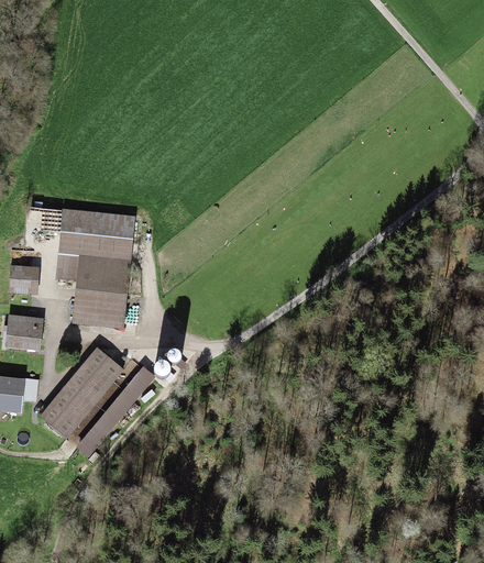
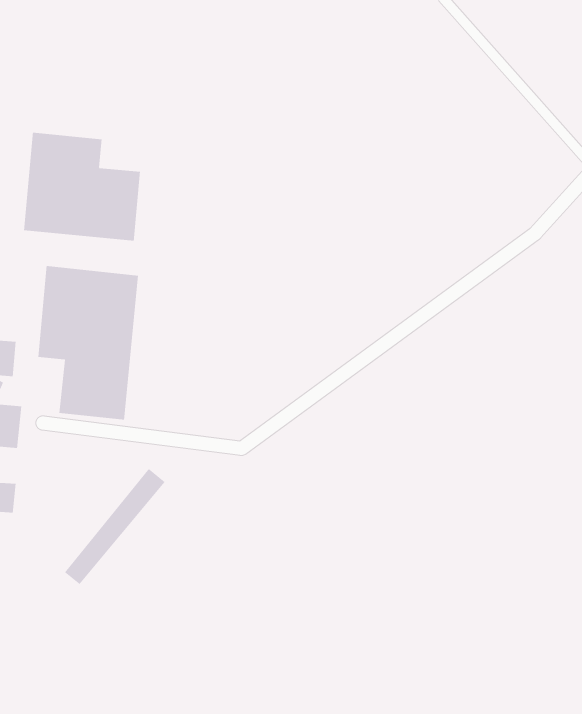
building: none -> [23,132,141,242]
building: [38,347,124,440] -> none

